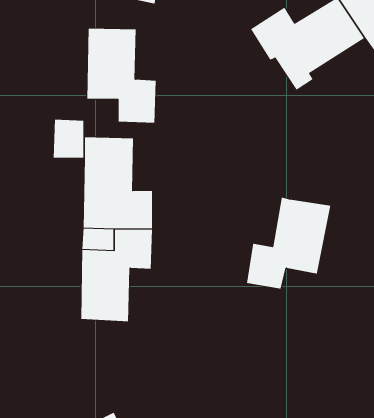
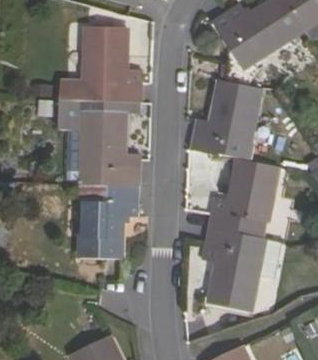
building: none -> [191,82,259,162]
building: none -> [205,229,266,312]

